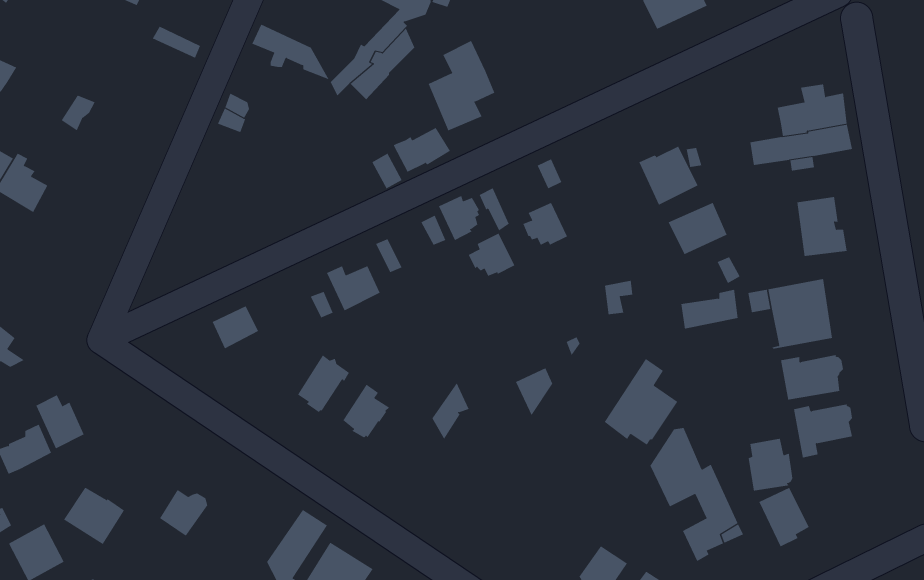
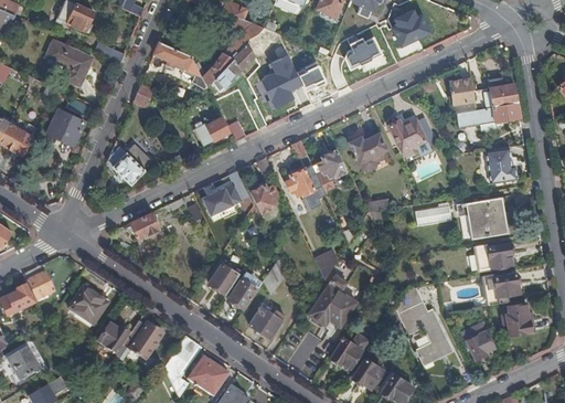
building: none -> [347,35,382,65]
building: none -> [46,40,93,85]
building: none -> [297,61,326,89]
building: none -> [450,78,476,105]
building: [393,127,451,172] -> [194,117,230,145]
building: none -> [47,109,83,144]
building: none -> [350,134,390,170]
building: none -> [107,141,153,184]
building: [438,195,480,241] -> [250,184,276,212]
building: [297,355,350,413] -> [230,273,262,308]
building: [604,358,678,445] -> [310,275,355,328]
building: [748,438,793,491] -> [507,303,534,335]
building: none -> [249,301,285,338]
building: none -> [122,320,162,359]
building: [63,487,125,545] -> [68,288,106,324]
building: none -> [331,333,367,369]

